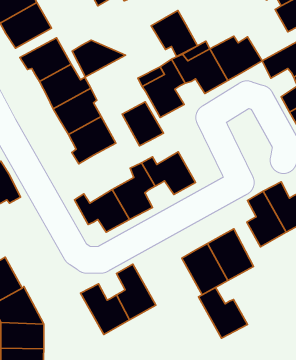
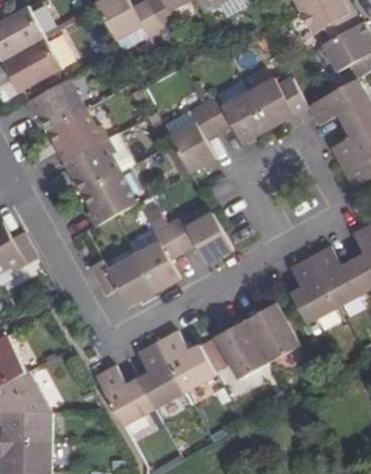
building: [151,11,197,57] -> none
building: [72,40,125,77] -> none
building: [122,102,163,146] -> none
building: [198,288,247,338] -> [156,332,214,391]

